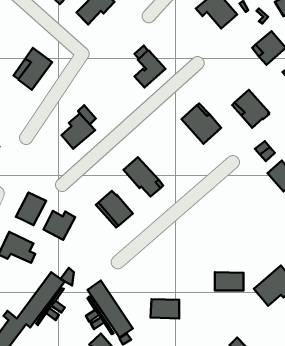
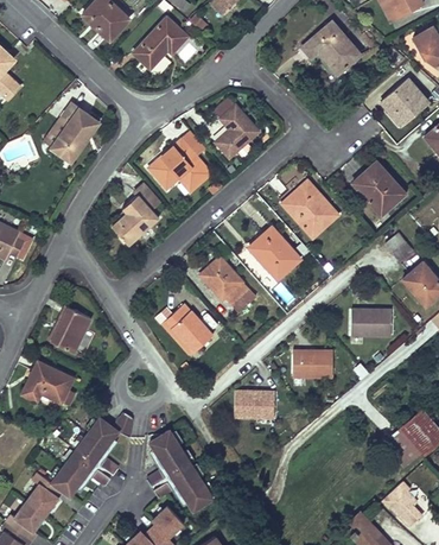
building: none -> [147,139,211,191]
building: none -> [248,227,299,279]
building: none -> [350,309,392,336]
building: [43,211,75,240] -> none
building: [215,272,244,291] -> [292,350,332,376]
building: [151,299,179,318] -> [234,391,274,418]
building: none -> [382,481,415,515]

